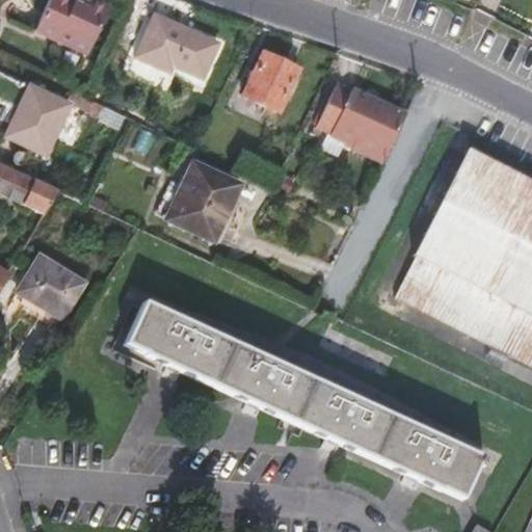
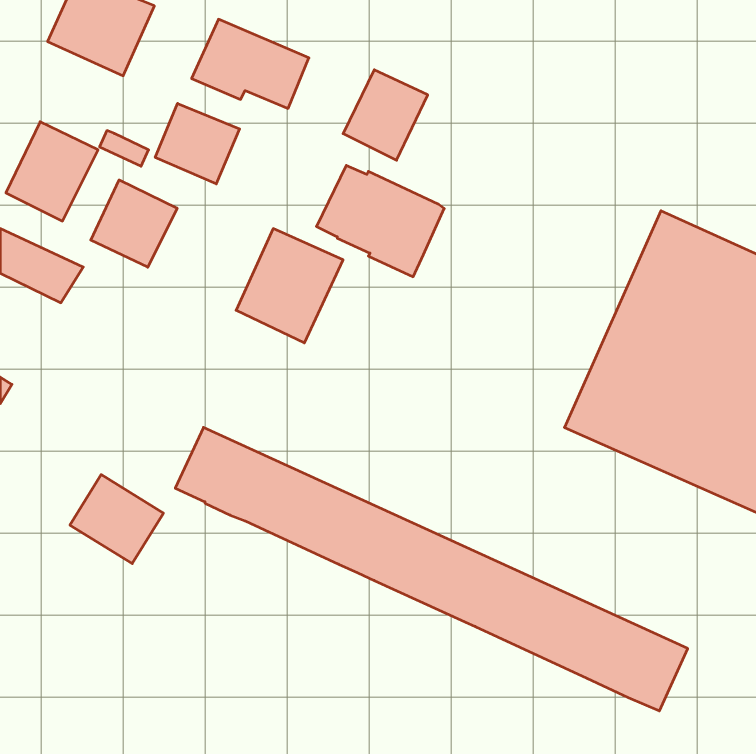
building: none -> [155,103,240,184]
building: [317,81,406,159] -> [316,165,444,277]
building: none -> [91,180,177,267]
building: [19,255,84,317] -> [70,475,163,564]

